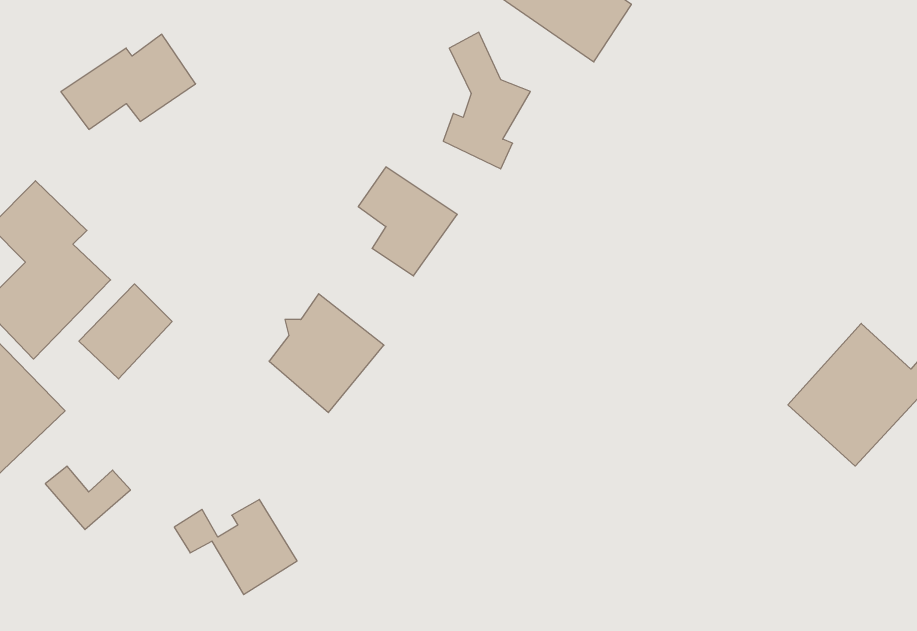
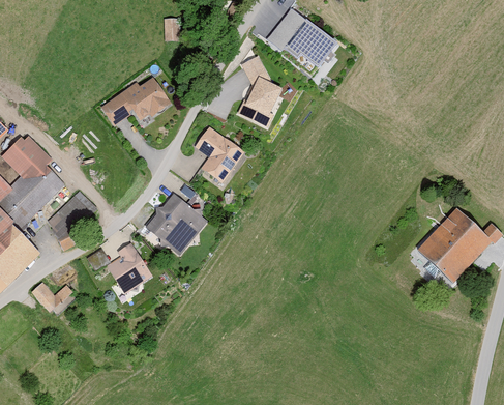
building: [61,34,196,129] -> [100,76,171,125]
building: [174,499,297,595] -> [87,242,151,292]

